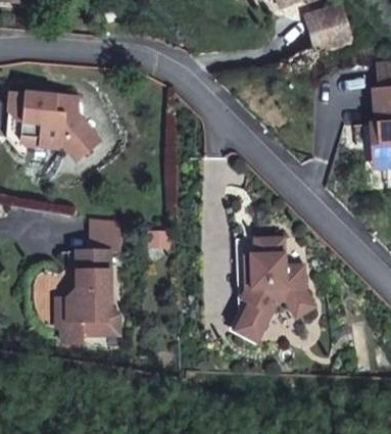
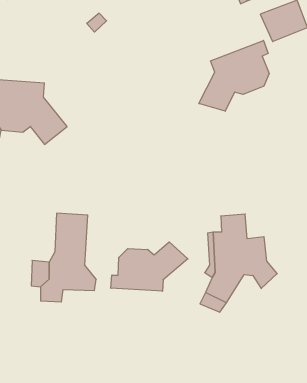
building: none -> [199,40,269,111]
building: none -> [111,242,188,291]

